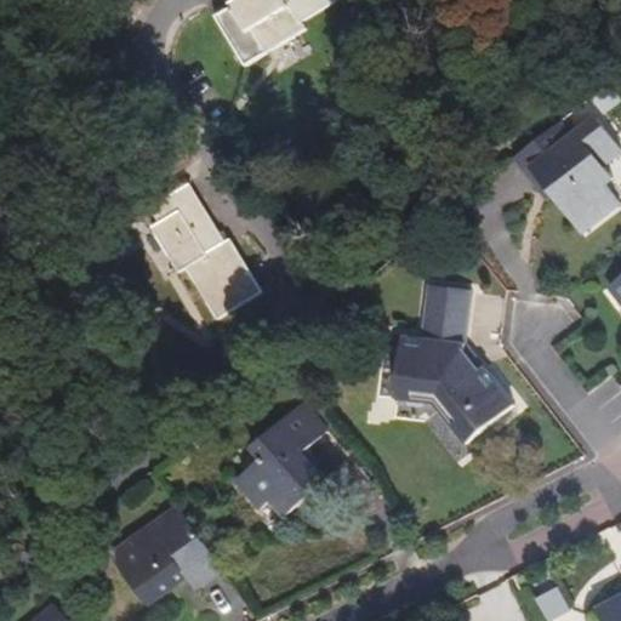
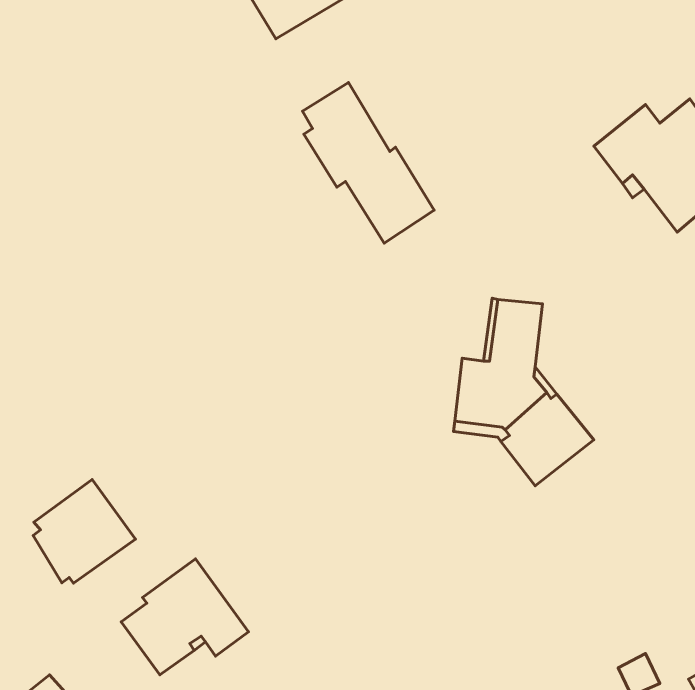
building: [149,183,261,319] -> [302,83,434,243]
building: [234,403,325,515] -> none
building: none -> [33,479,136,583]

